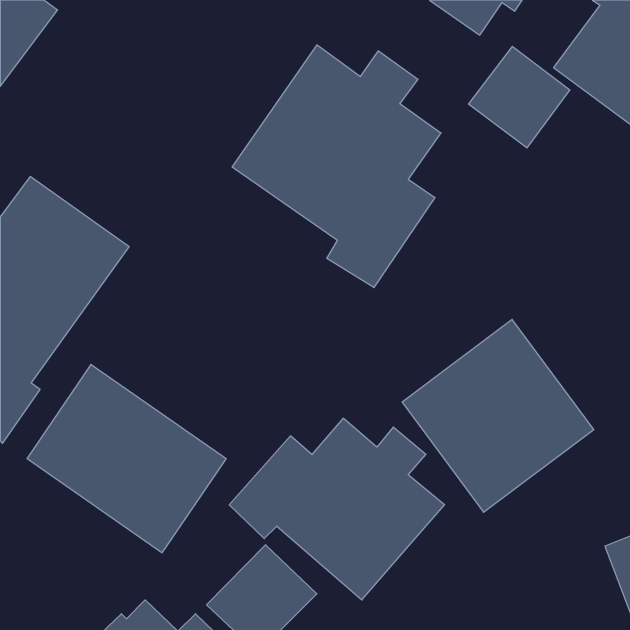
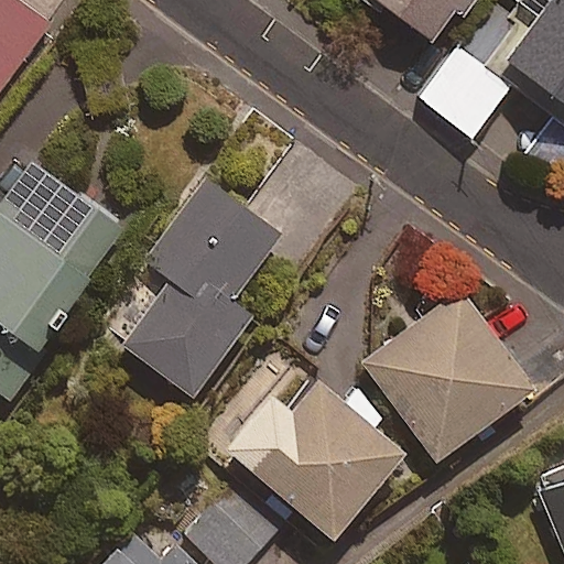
building: [232,45,441,288] -> none
building: none -> [122,177,281,398]
building: [27,364,226,553] -> none

